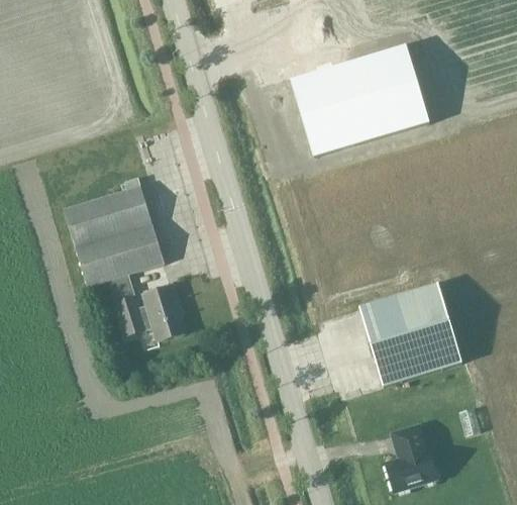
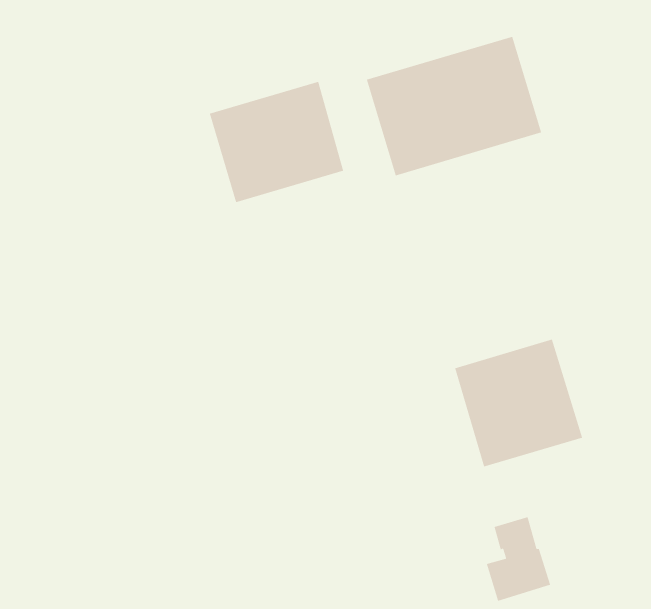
building: none -> [209,81,344,203]
building: [64,177,186,340] -> none

